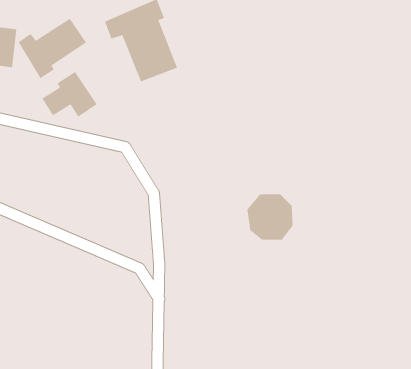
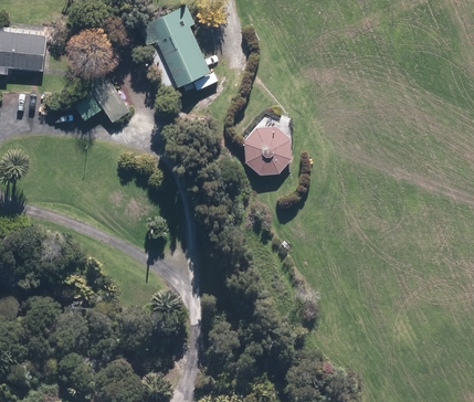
building: [18,18,87,79] -> none
building: [246,194,294,240] -> [243,128,291,174]

